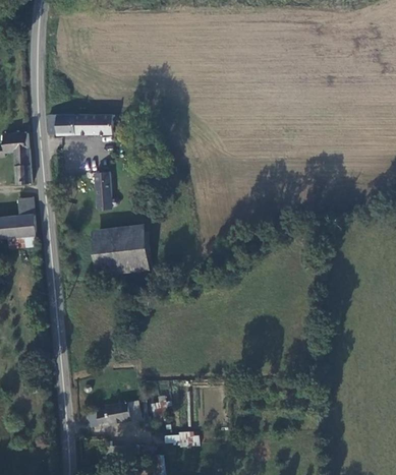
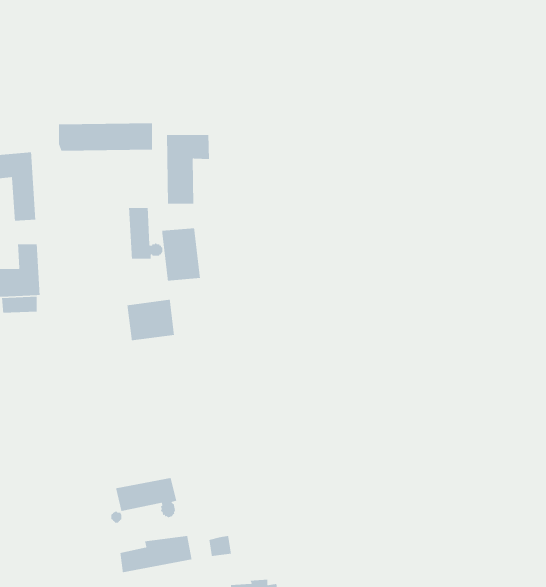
building: none -> [166,134,210,205]
building: [124,232,152,270] -> [161,227,201,281]
building: none -> [115,477,177,518]

